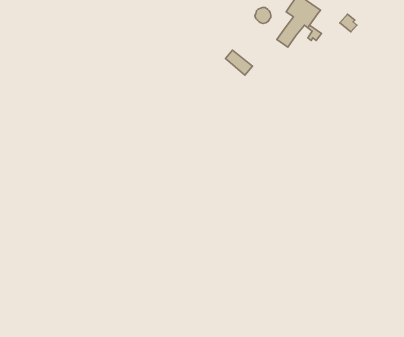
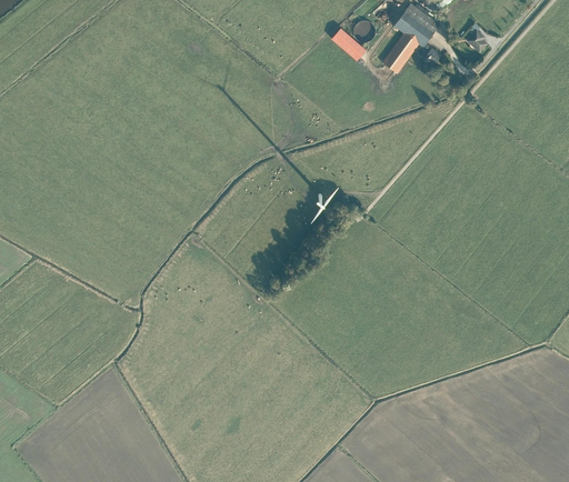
building: [226,50,253,75] -> [331,28,367,61]

